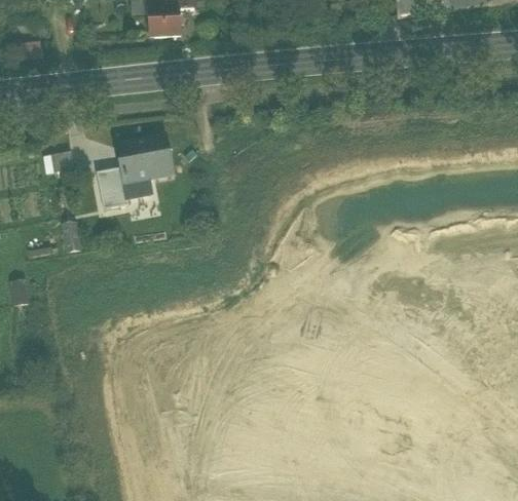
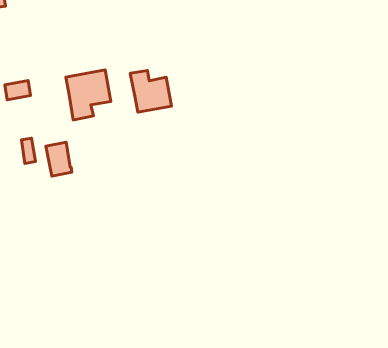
building: none -> [130,71,172,112]
building: [97,166,128,208] -> [46,142,72,176]

